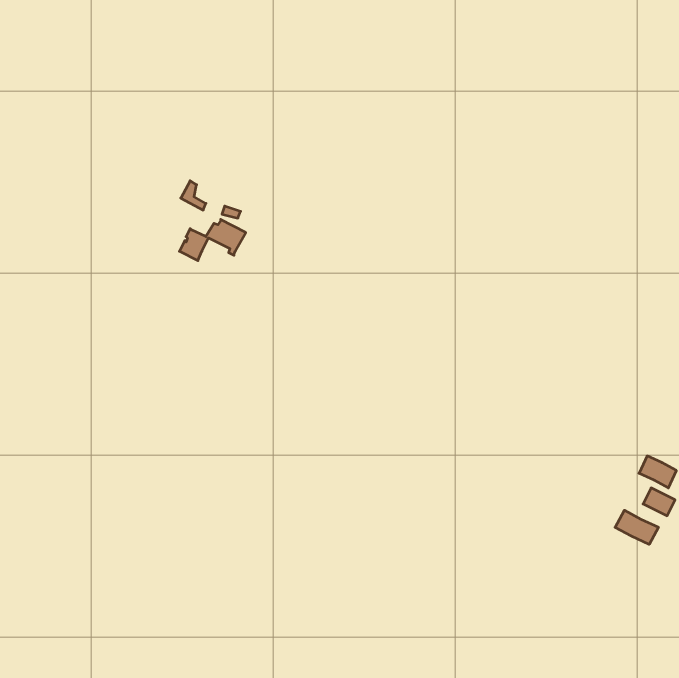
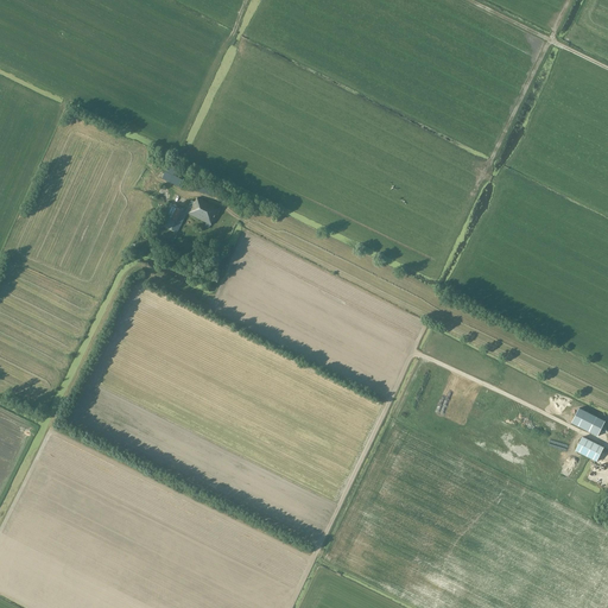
building: [615,510,658,544] -> none

